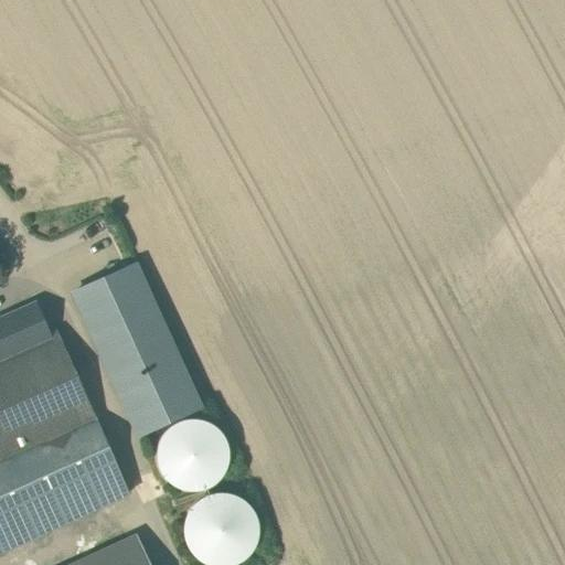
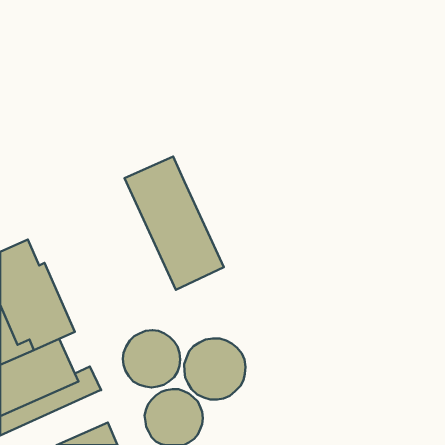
building: [73,266,199,435] -> [124,157,224,290]
building: [75,420,114,473] -> none
building: none -> [184,338,246,399]

